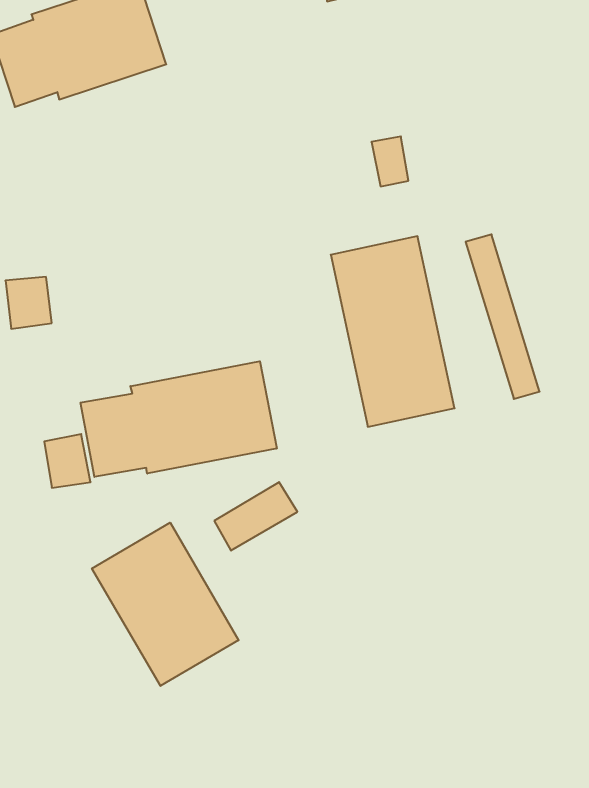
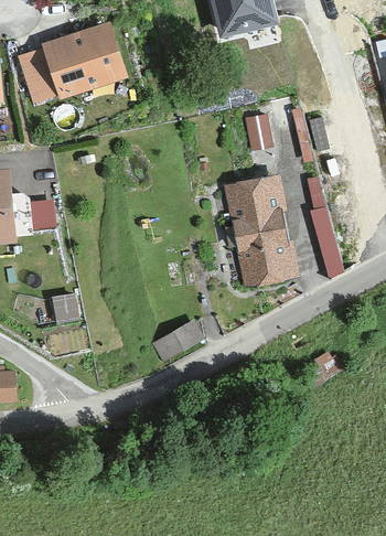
building: [81,361,277,477] -> none
building: [92,523,239,686] -> none

